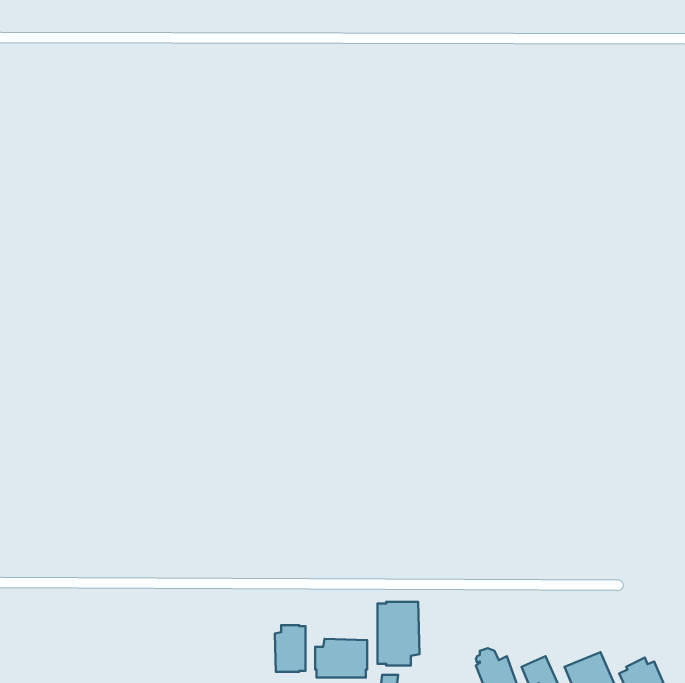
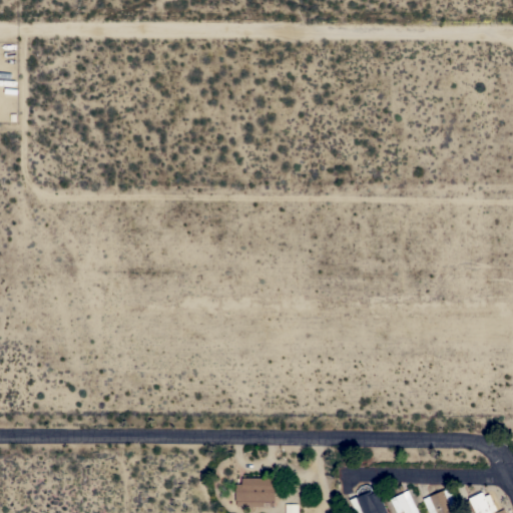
building: [378,602,420,665] -> none
building: [275,625,305,672] -> none

